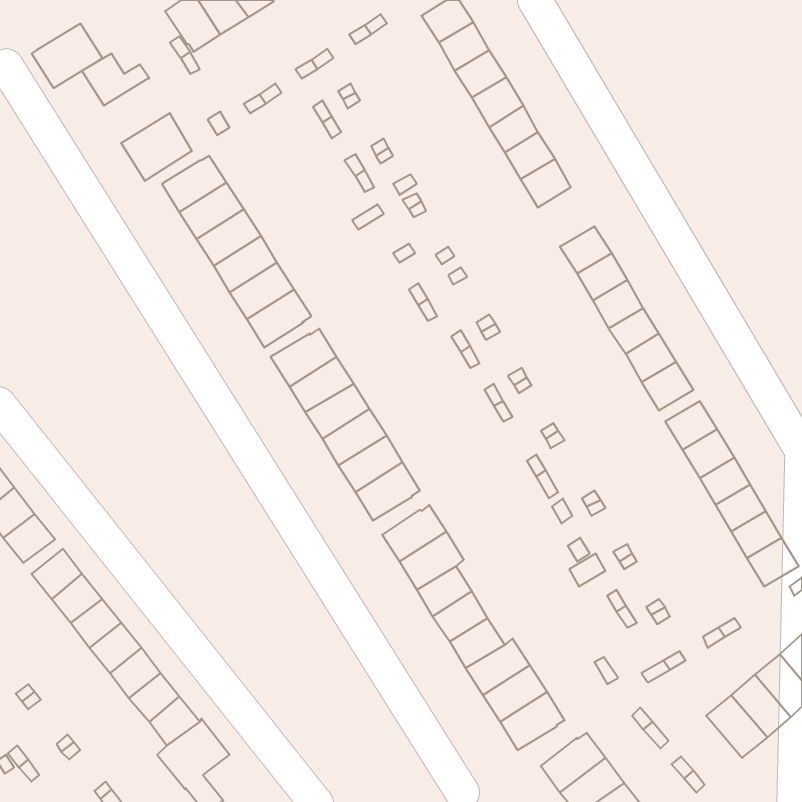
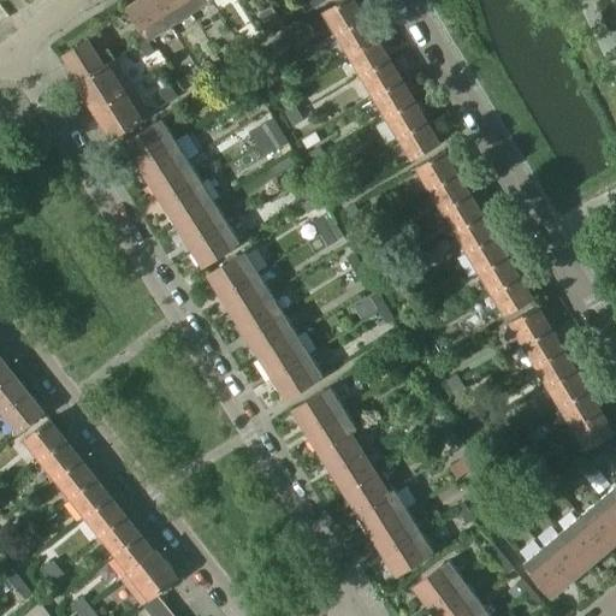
building: [32,24,102,88] -> [76,61,130,111]
building: none -> [416,153,455,190]
building: none -> [522,549,568,597]

